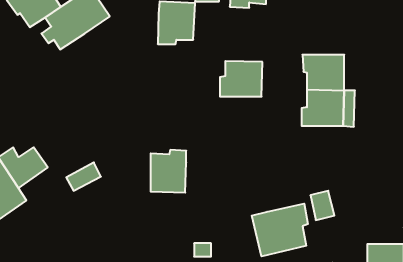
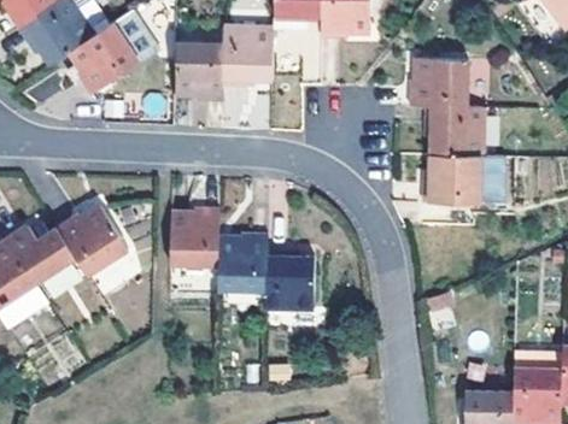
building: none -> [177,45,226,104]
building: [220,61,262,97] -> [404,54,462,102]
building: none -> [55,205,127,273]
building: none -> [168,206,216,265]
building: none -> [260,248,310,308]
building: [252,204,308,256] -> none

